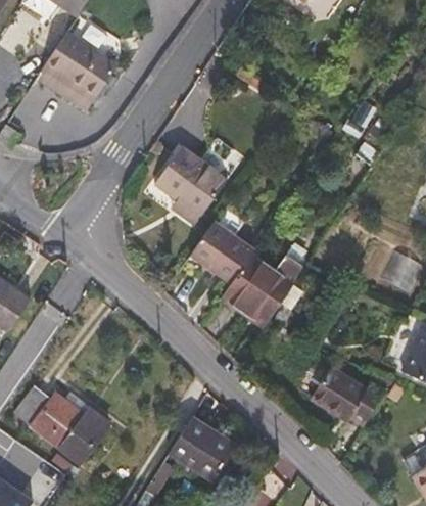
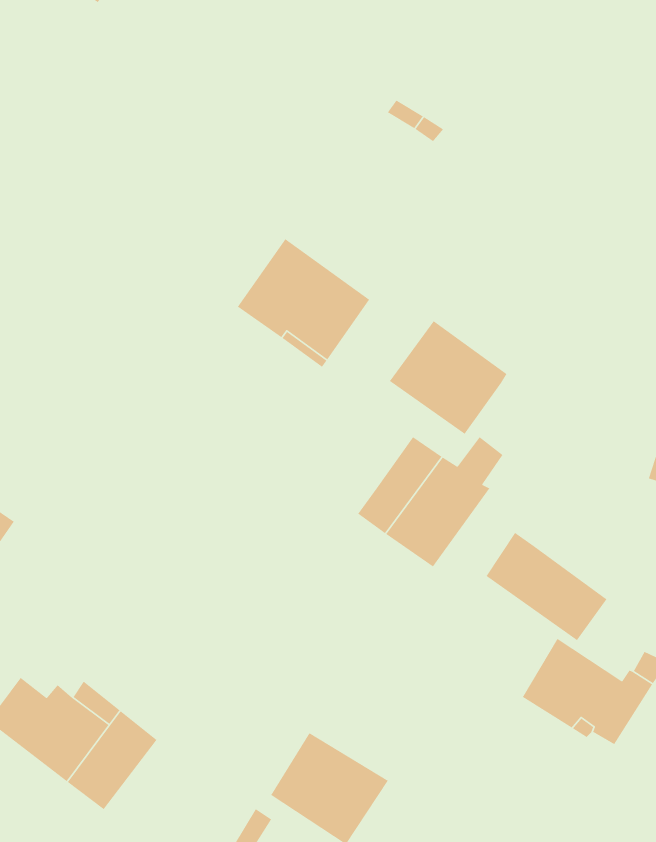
building: [33,32,115,113] -> none
building: [188,219,253,282] -> [389,320,507,435]
building: none -> [485,532,608,641]

